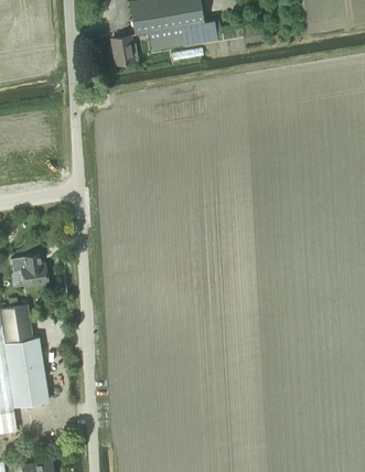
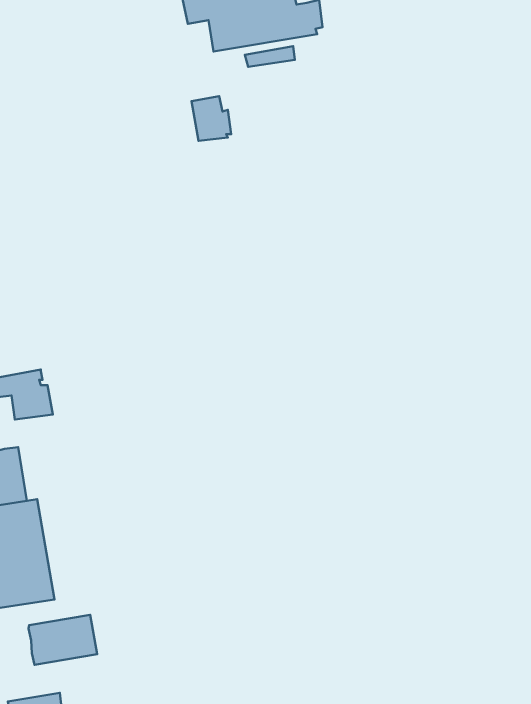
building: [111,35,137,64] -> [192,96,231,141]
building: none -> [29,615,97,665]

